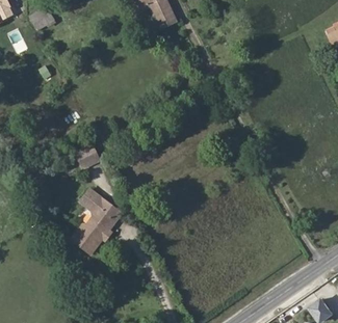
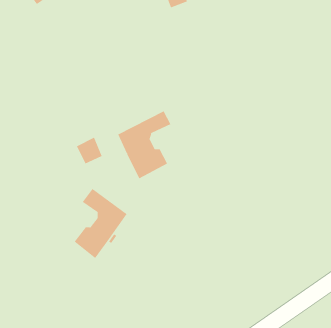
building: none -> [117,111,171,179]

